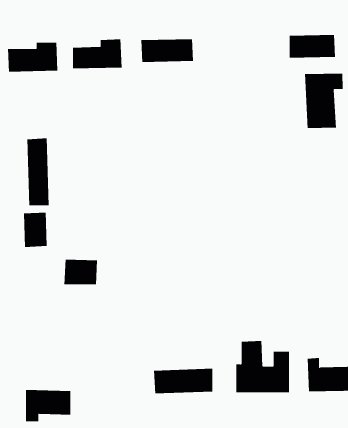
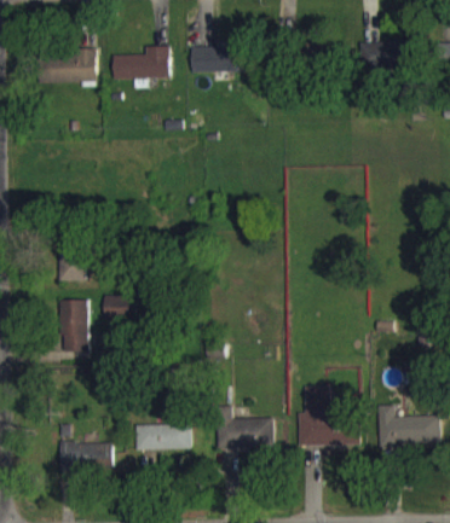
building: [305,73,343,129] -> none
building: [27,137,49,206] -> none
building: none -> [59,300,87,351]
building: none -> [134,424,190,451]

